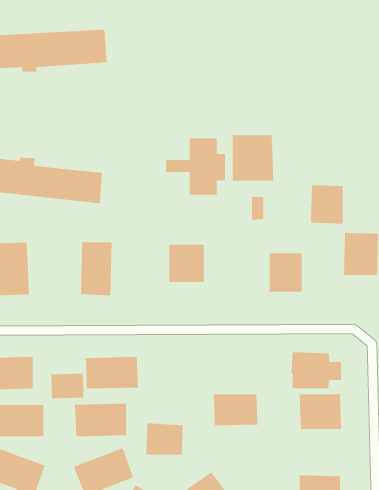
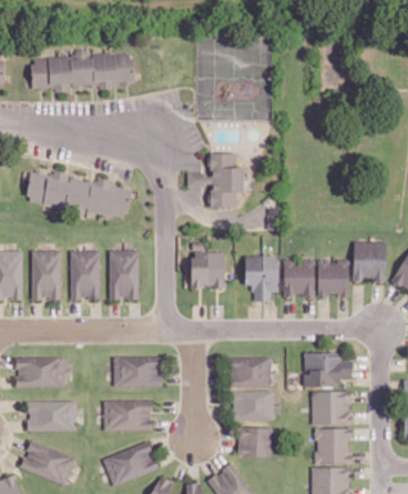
building: [232,134,274,182] -> none
building: [310,185,344,224] -> [317,260,348,296]
building: none -> [70,250,100,300]
building: none -> [244,255,278,302]
building: none -> [228,356,271,387]
building: [51,373,84,399] -> none
building: [145,423,184,455] -> [237,426,273,456]
building: none -> [315,427,351,464]

